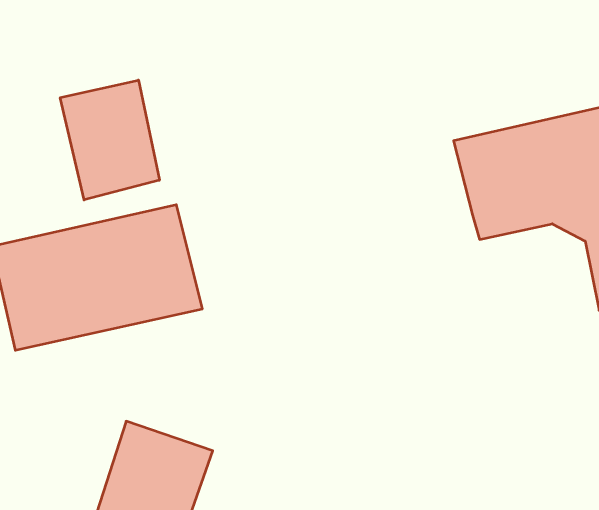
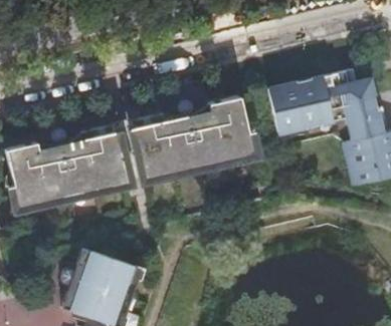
building: [60,80,159,200] -> none
building: none -> [131,97,252,183]

